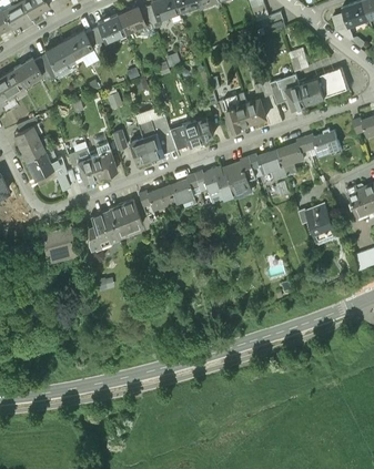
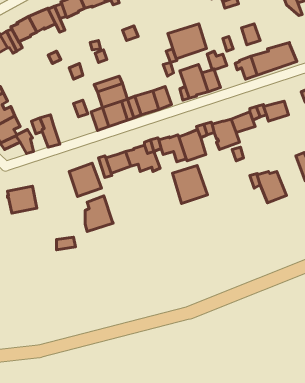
building: none -> [168,24,206,59]
building: [90,143,117,177] -> none
building: none -> [172,165,207,203]
building: [87,206,117,244] -> [85,196,113,232]

